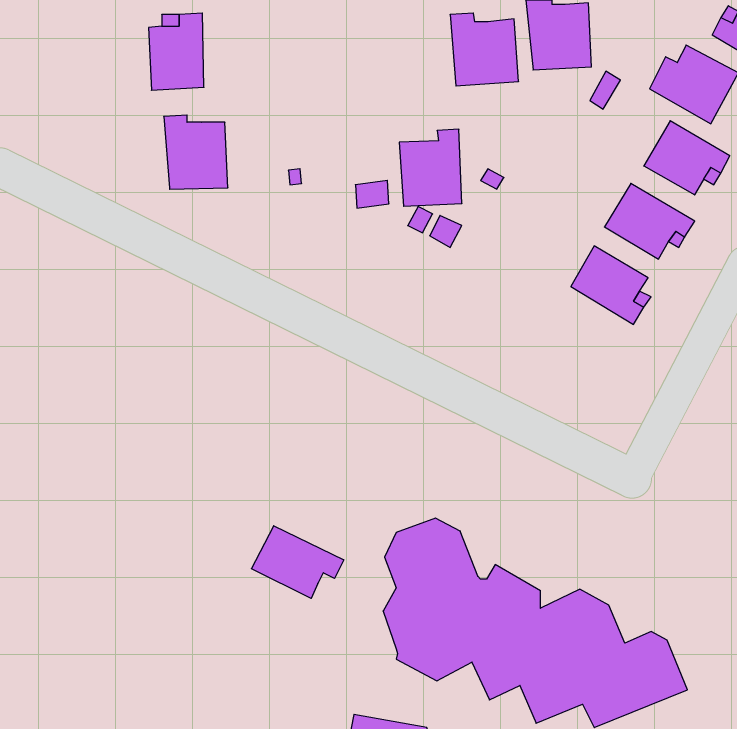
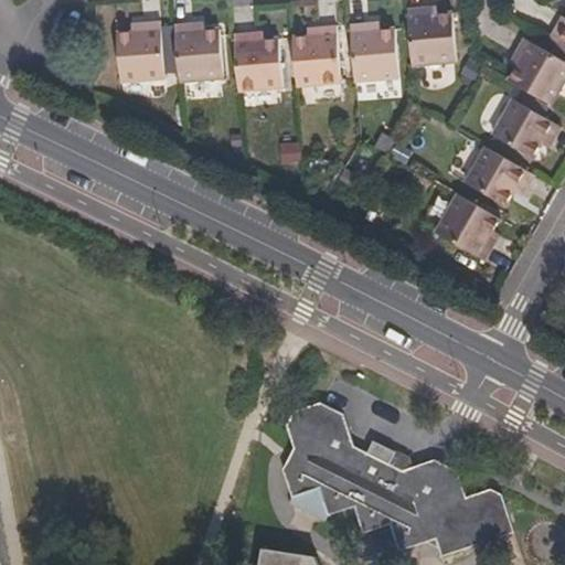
building: none -> [230,30,280,85]
building: [164,115,228,189] -> [170,21,218,77]
building: [399,129,462,206] -> [290,23,338,82]
building: [251,526,344,598] -> none

